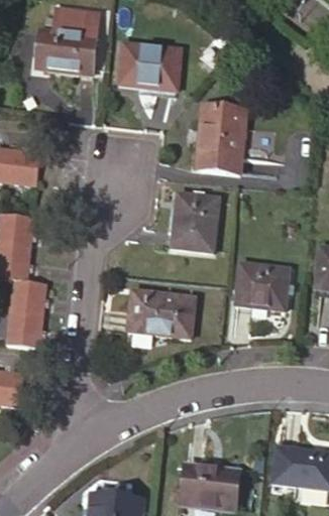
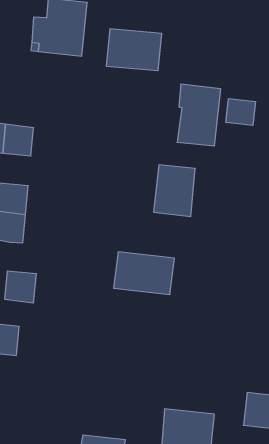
building: none -> [226,99,255,125]
building: [235,262,290,309] -> none
building: [10,279,45,314] -> none

